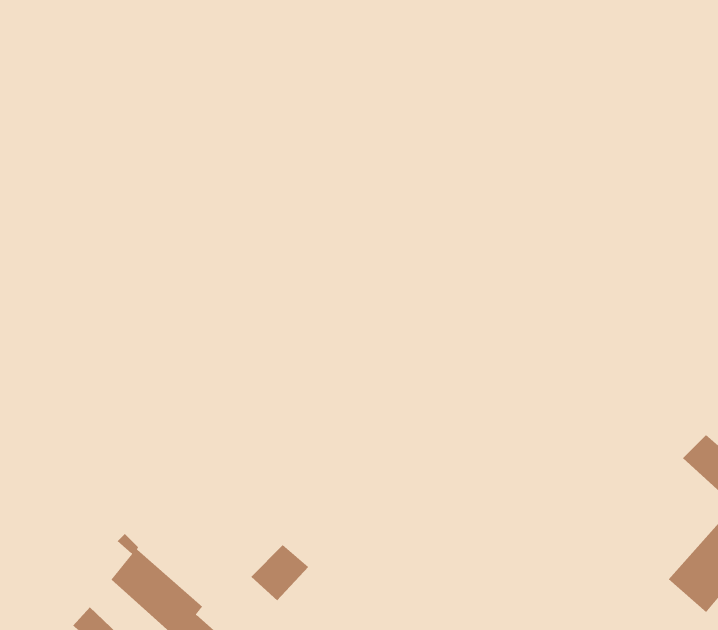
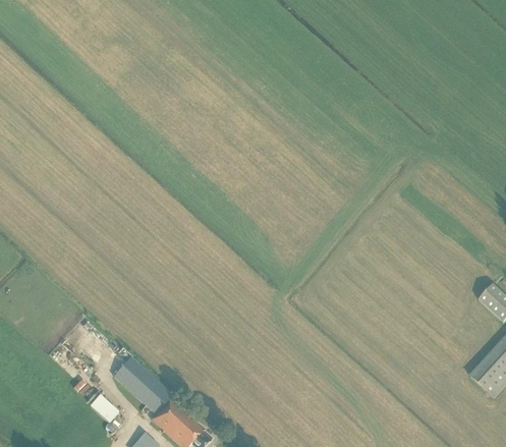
building: [250,544,309,601] -> none

